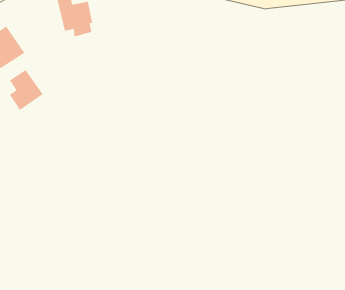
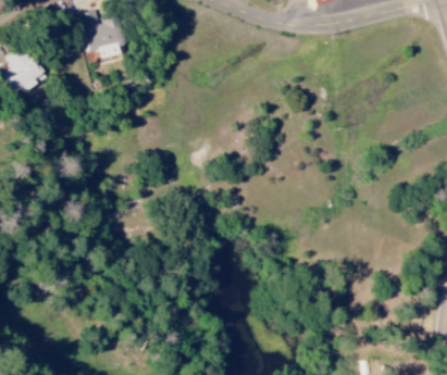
building: [9,69,44,111] -> none

